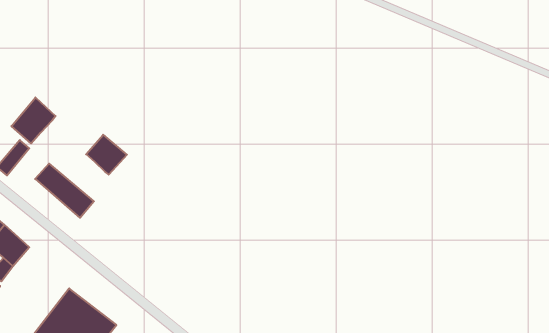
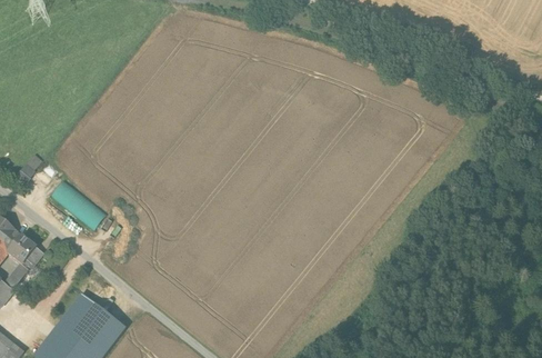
building: [11,97,56,143] -> none
building: [86,135,127,175] -> none

